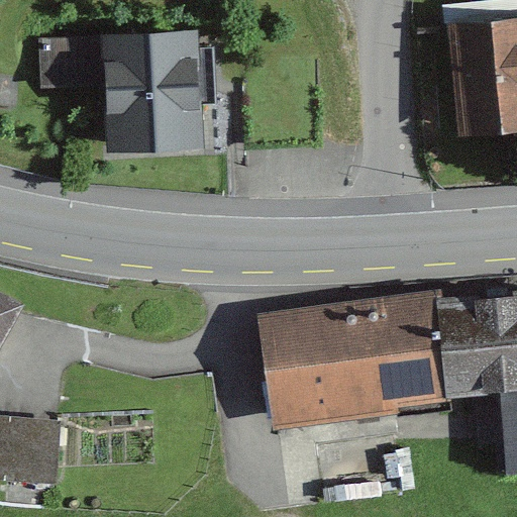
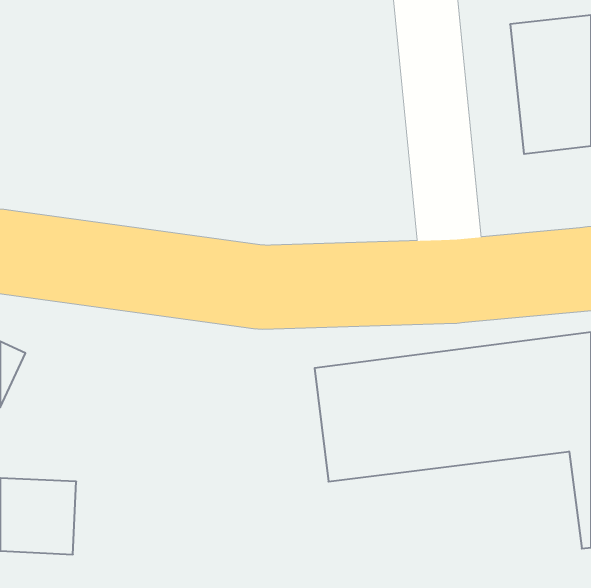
building: [42,34,203,145] -> none

